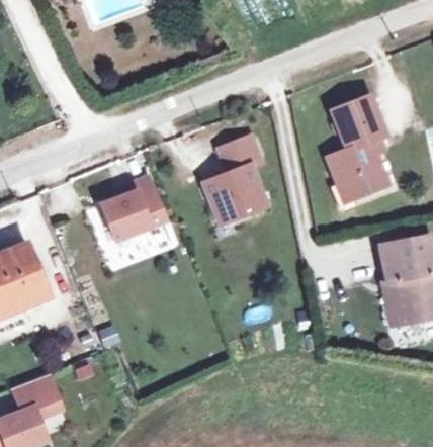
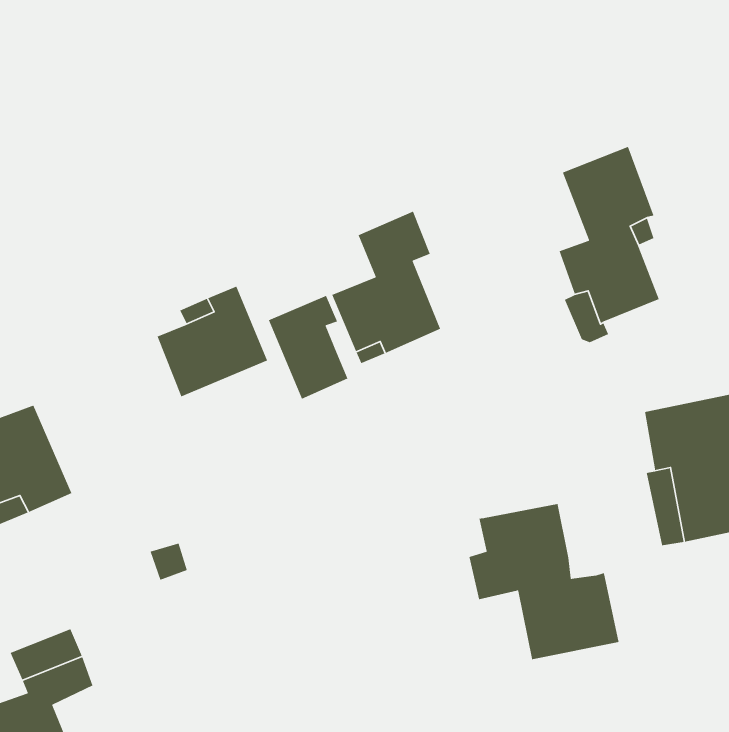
building: none -> [268,295,349,400]
building: none -> [469,503,620,660]

